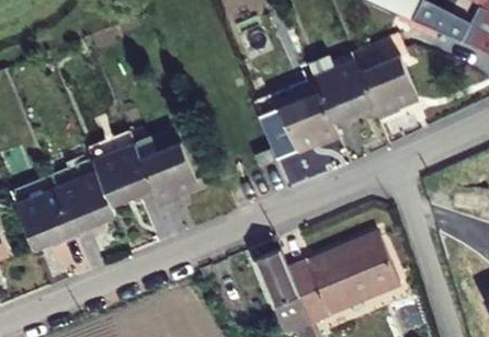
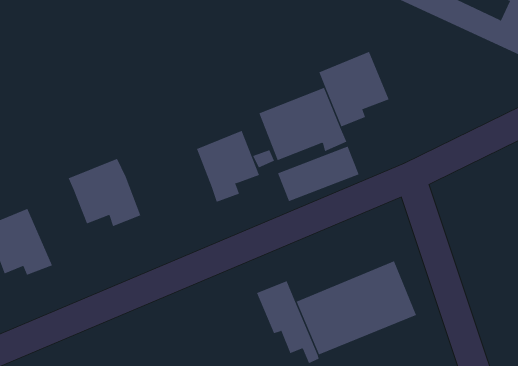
building: [350,21,416,113] -> none
building: [140,146,196,209] -> [196,130,260,202]
building: [54,173,111,240] -> none

